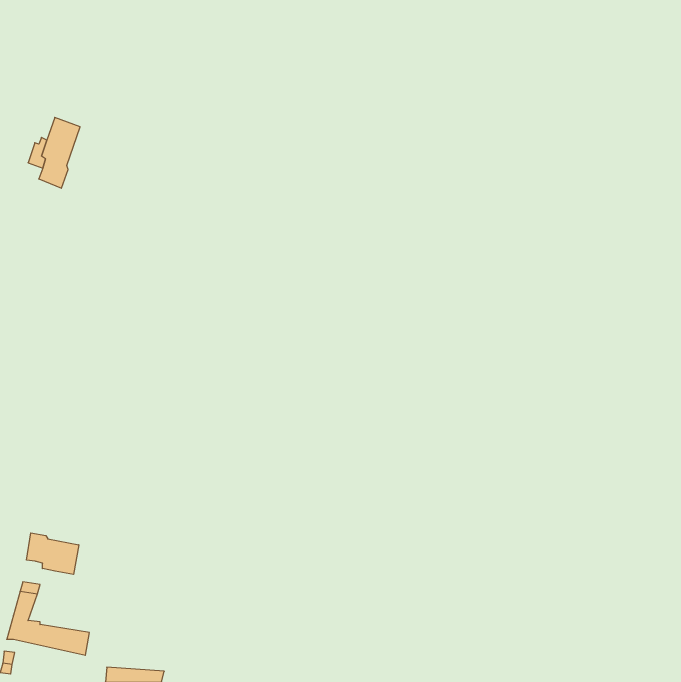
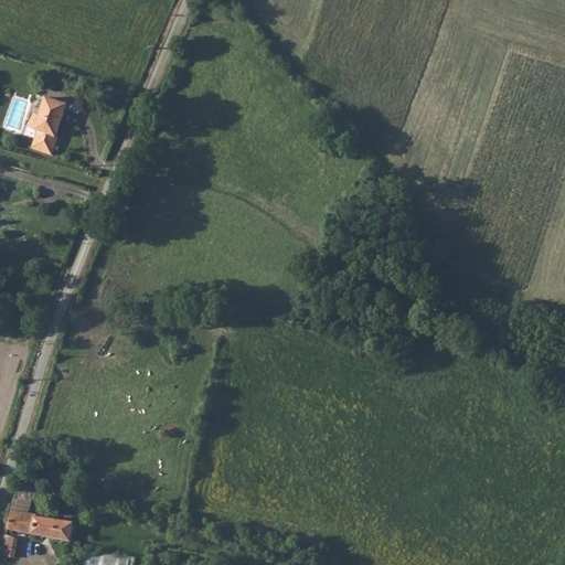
building: [27,533,79,574] -> none

